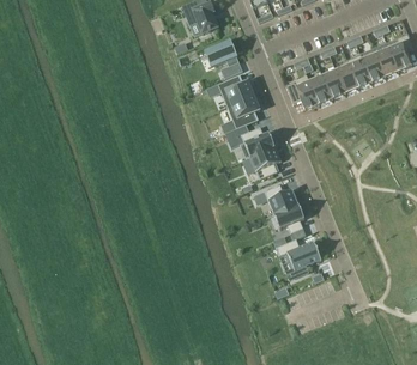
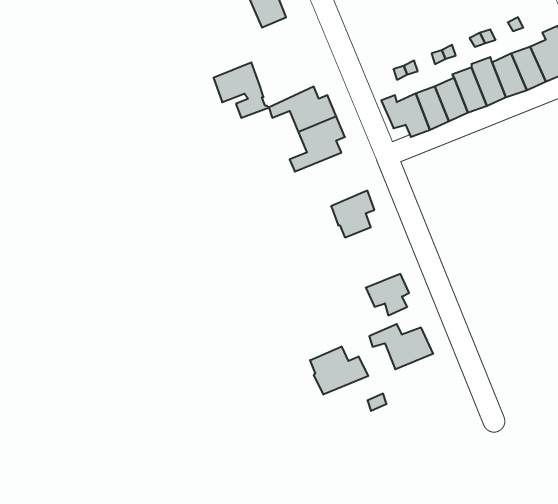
building: [203,39,241,78] -> [213,62,269,118]
building: [237,126,273,158] -> none
building: [262,184,296,213] -> none
building: none -> [310,346,368,395]

